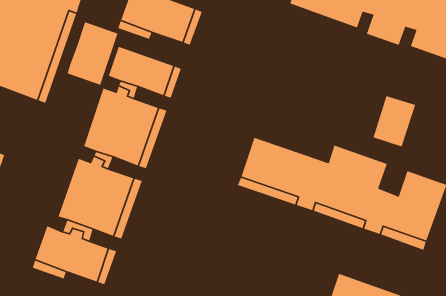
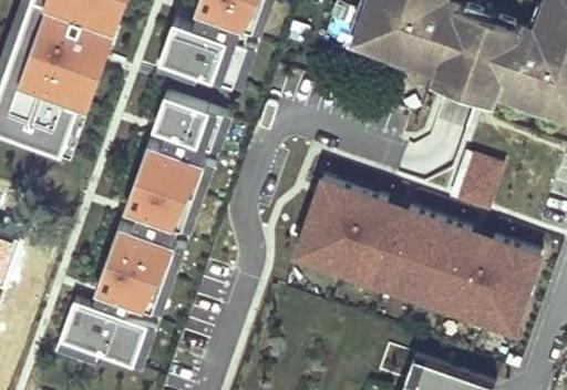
building: none -> [431,54,503,107]
building: [67,21,118,86] -> none
building: none -> [315,178,386,222]

